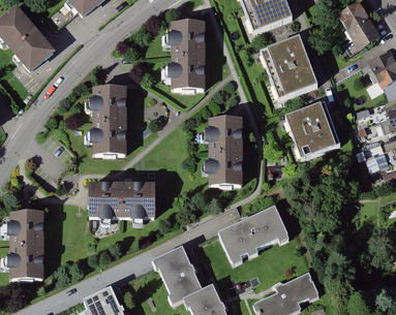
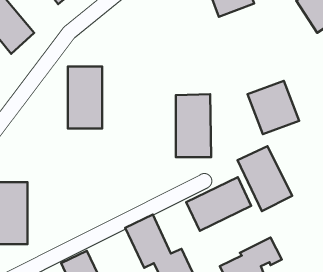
building: [170,21,208,89] -> none
building: [260,36,317,100] -> none
building: none -> [237,146,292,211]
building: [86,184,154,218] -> none

